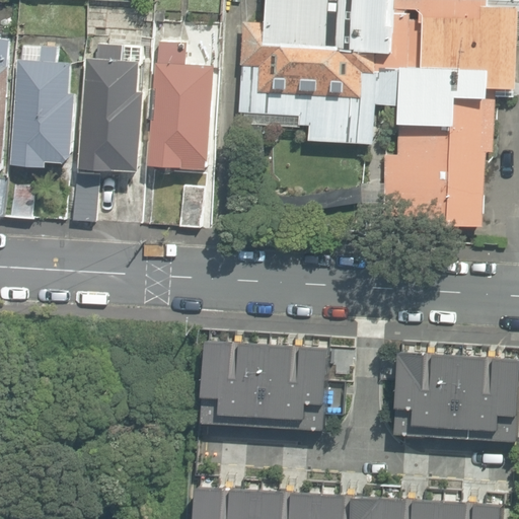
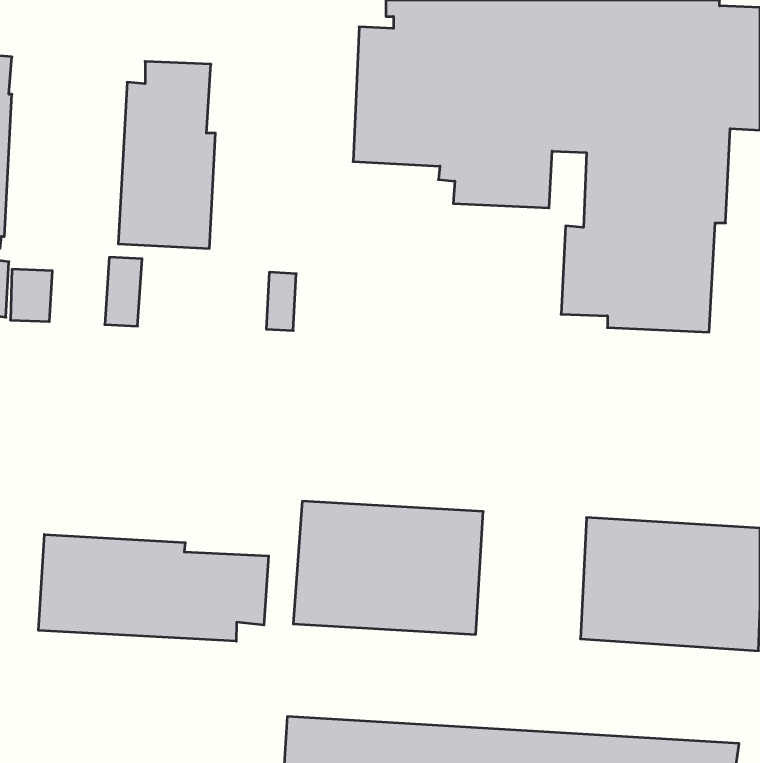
building: [147,41,215,172] -> none
building: [8,46,74,166] -> none
building: none -> [38,534,269,641]

